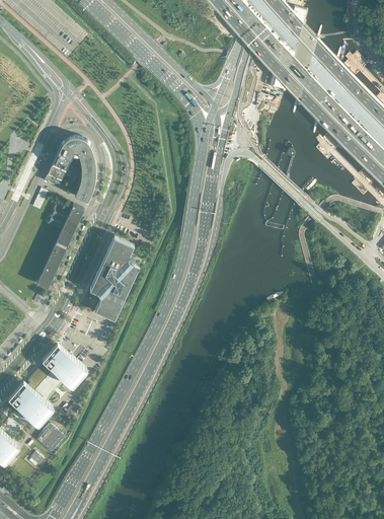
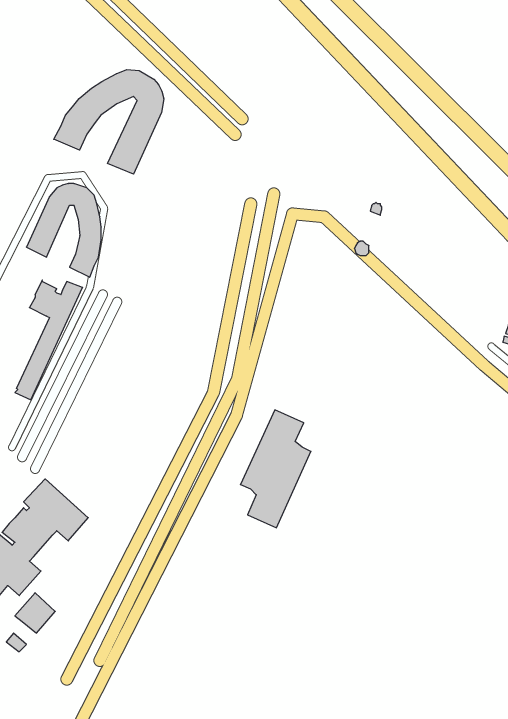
building: none -> [54,70,164,174]
building: [89,237,139,320] -> [240,410,311,528]

